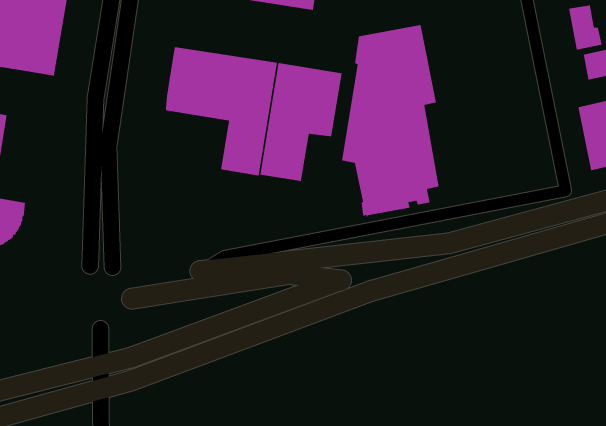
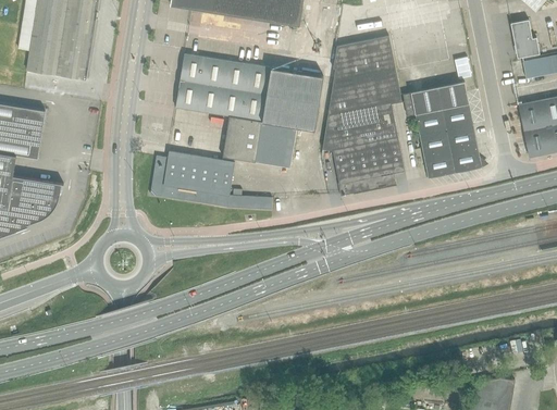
building: none -> [403,82,482,177]
building: none -> [150,151,272,209]

